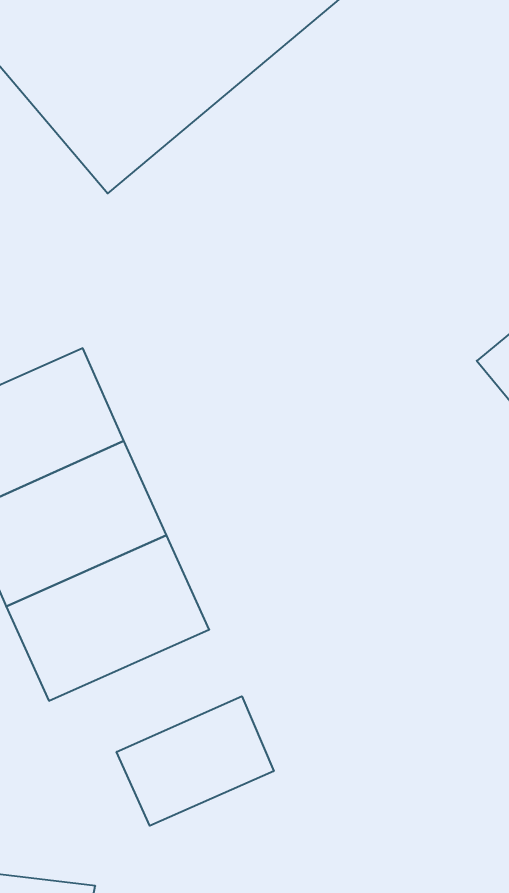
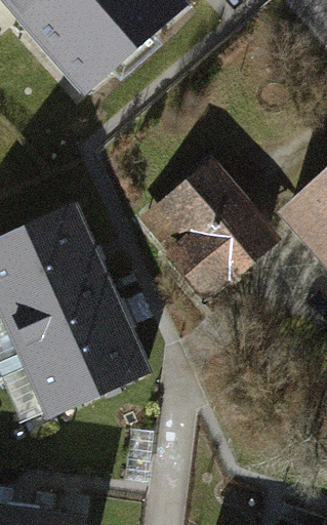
building: none -> [168,159,280,297]
building: [117,696,274,826] -> none

